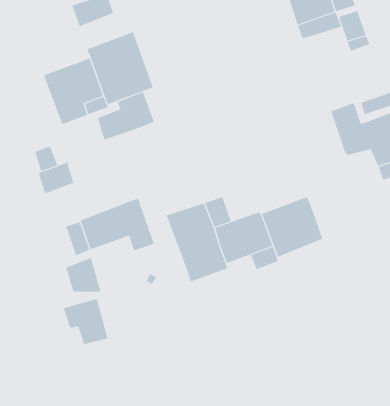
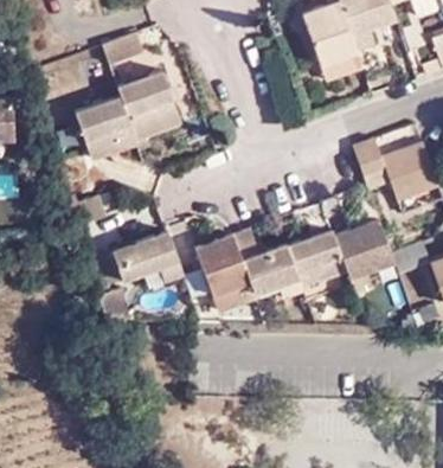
building: [97,91,155,141] -> none
building: none -> [333,219,392,277]
building: [63,298,108,345] -> none

